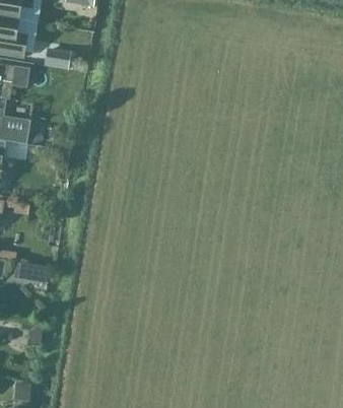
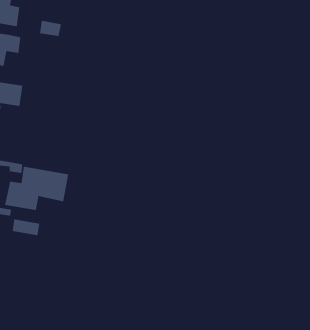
building: none -> [5,166,69,211]

